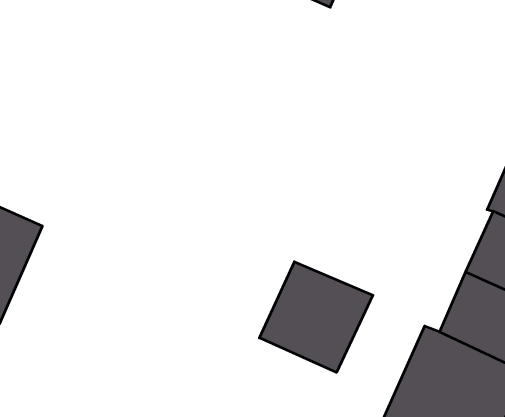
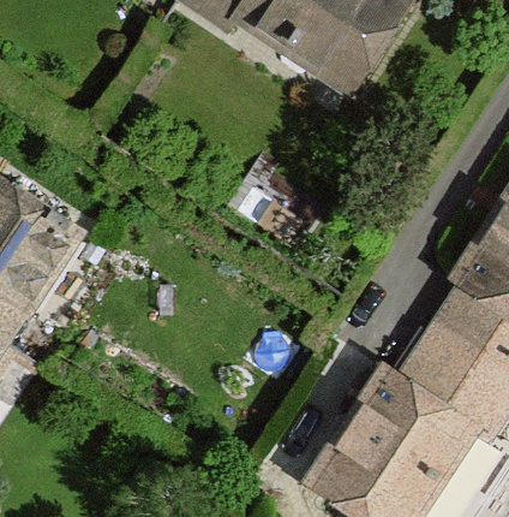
building: [259,262,373,372] -> none

